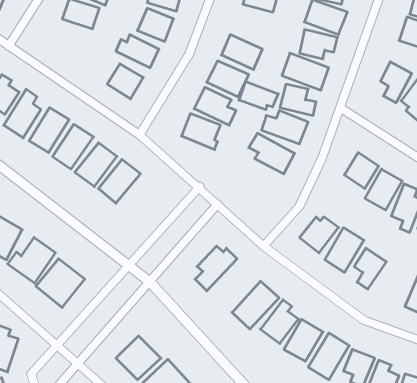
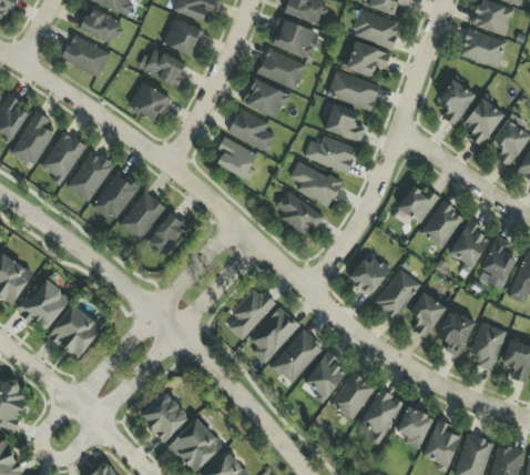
building: none -> [271,18,317,59]
building: none -> [61,36,110,77]
building: [239,82,278,110] -> none
building: none -> [273,192,325,235]
building: none -> [147,213,190,255]
building: none -> [252,307,298,365]
building: none -> [437,310,476,357]

